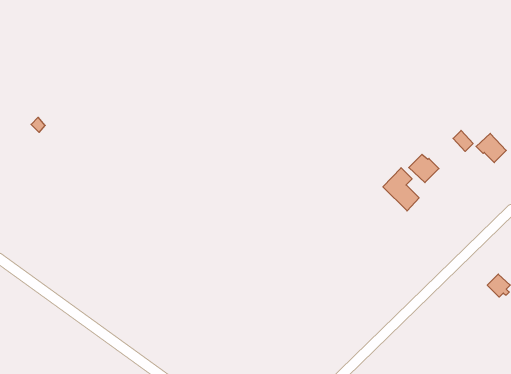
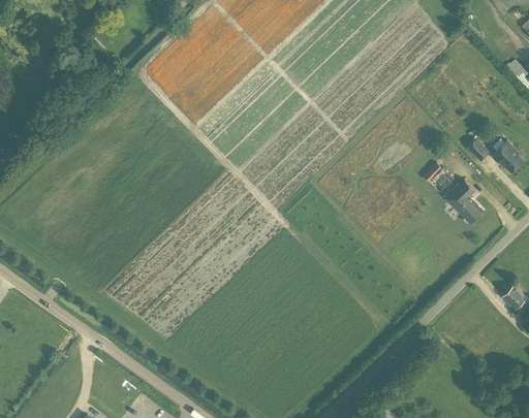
building: [383,168,419,211] -> [444,178,481,222]

